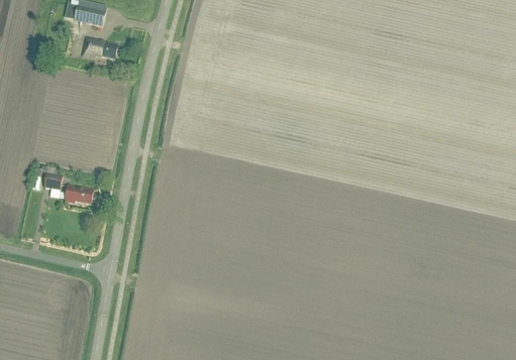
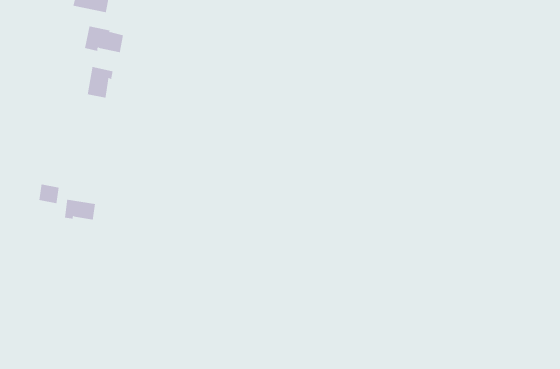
building: none -> [87,66,113,99]

